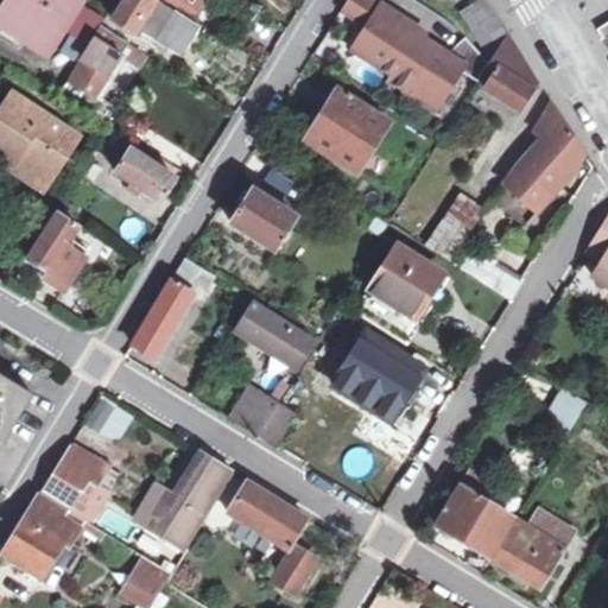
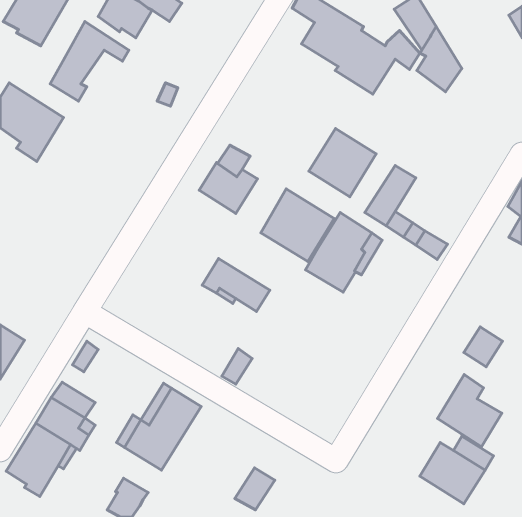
building: [306,93,385,172] -> [309,128,376,197]
building: [501,99,583,209] -> none
building: [113,148,172,201] -> none
building: [30,214,82,287] -> none
building: [132,259,215,357] -> none
building: [336,334,422,418] -> [261,189,334,261]
building: [229,388,277,437] -> none
building: [437,469,512,553] -> [437,374,502,447]
building: [228,480,309,547] -> none

